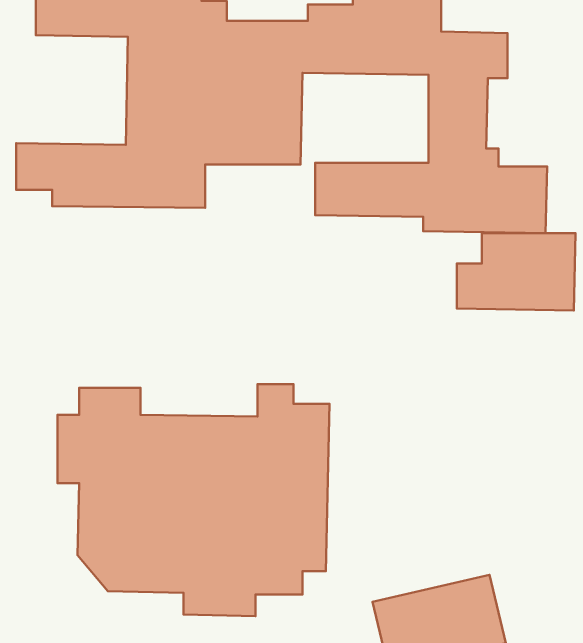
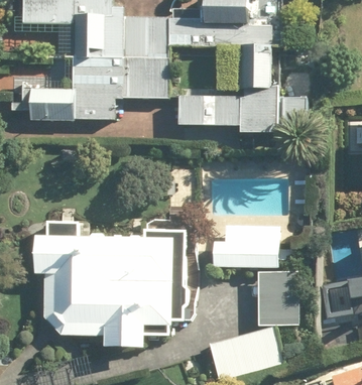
building: [457,233,575,310] -> [213,224,279,267]
building: none -> [258,271,300,325]

